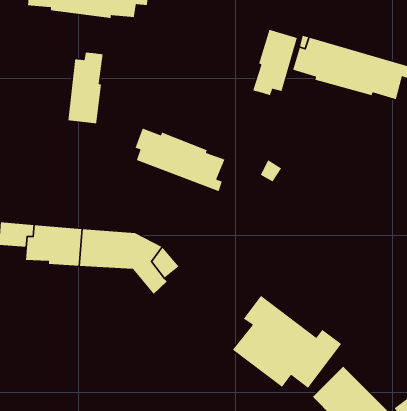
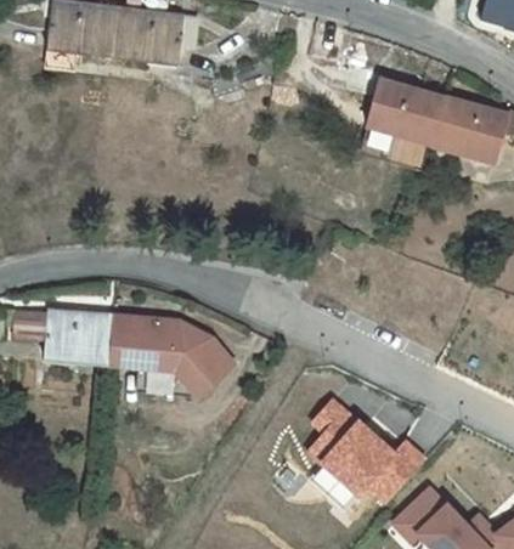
building: [252,29,298,96] -> none
building: [67,52,104,124] -> none
building: [135,128,225,192] -> none

